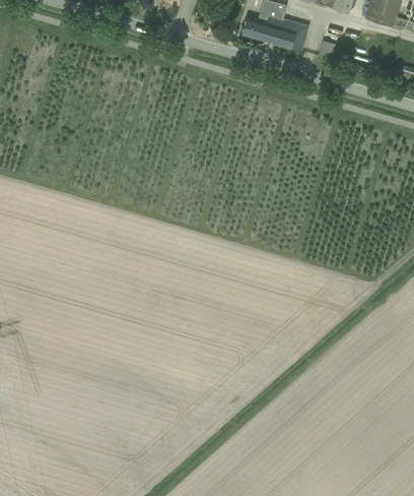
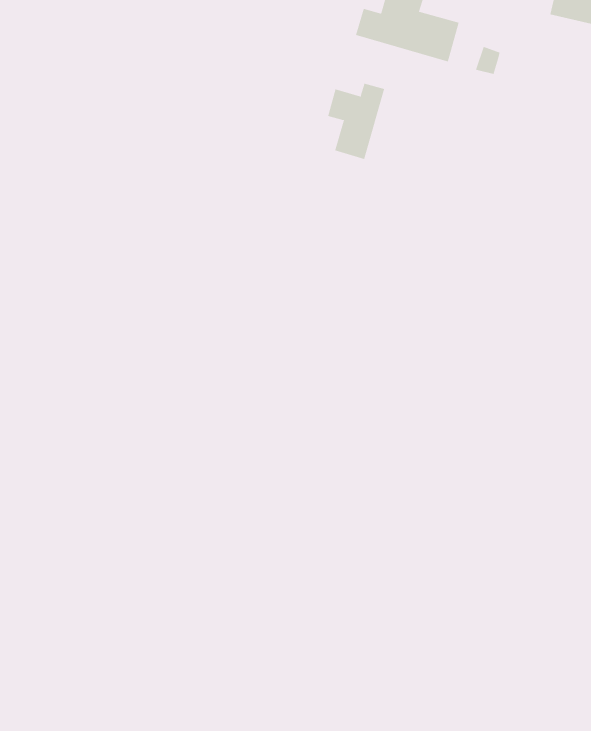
building: none -> [327,83,385,160]

